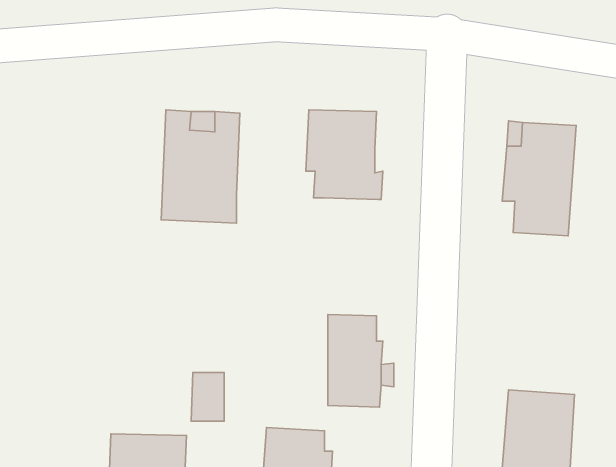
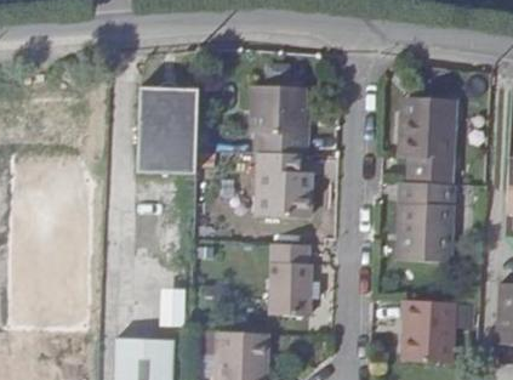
building: none -> [260,154,315,220]
building: none -> [405,181,462,262]

